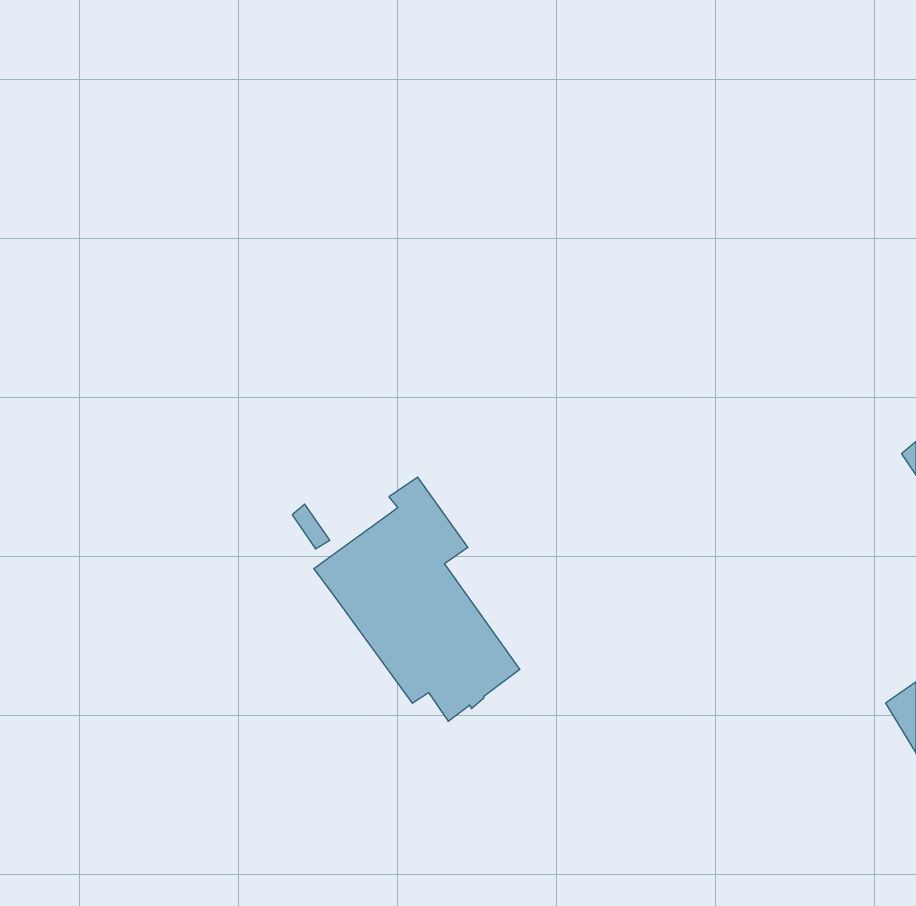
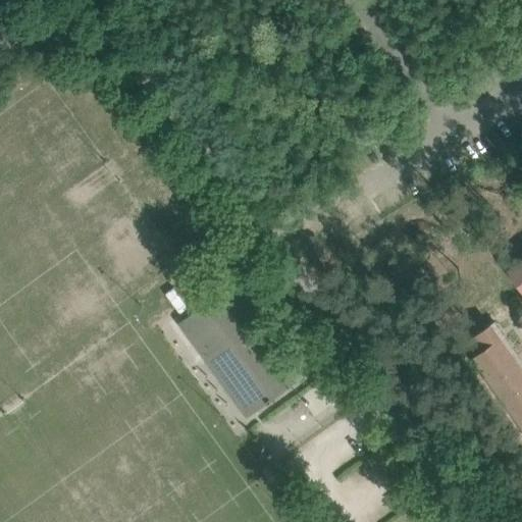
building: none -> [466,338,512,389]

